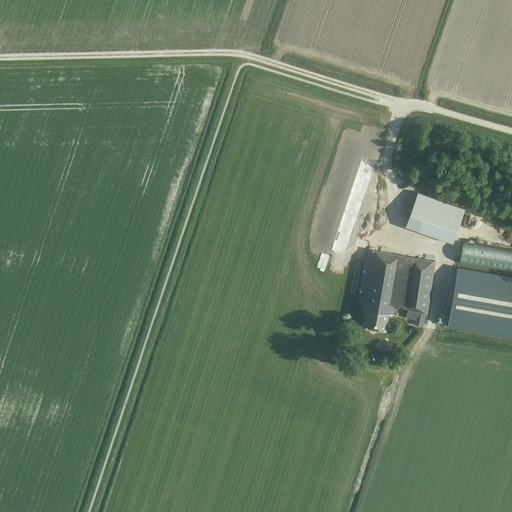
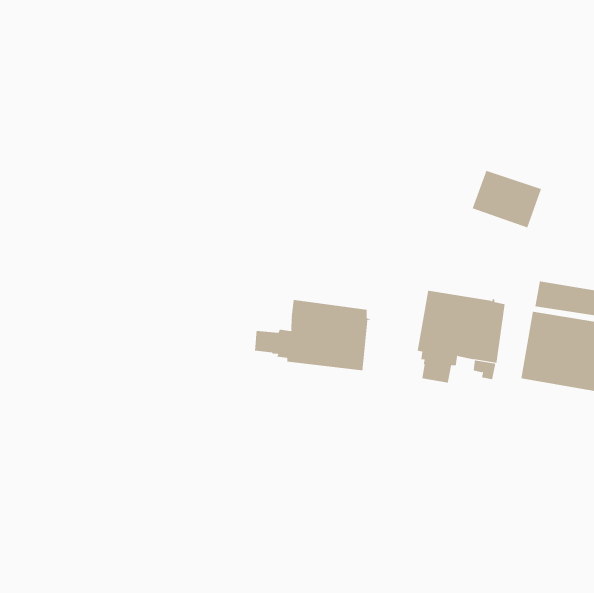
building: [405,194,465,244] -> [472,170,542,228]
building: none -> [254,299,371,371]

